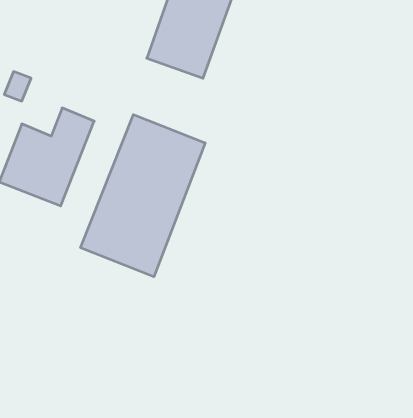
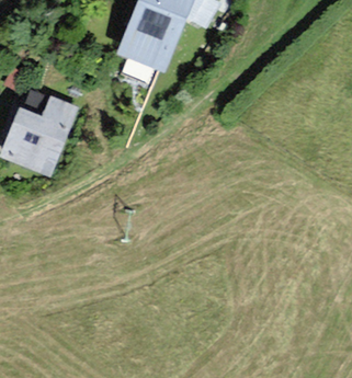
building: [81,115,205,277] -> none

